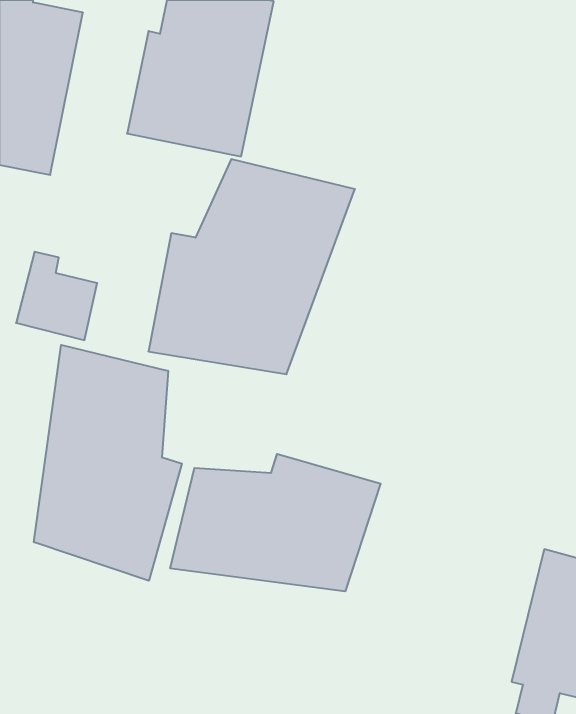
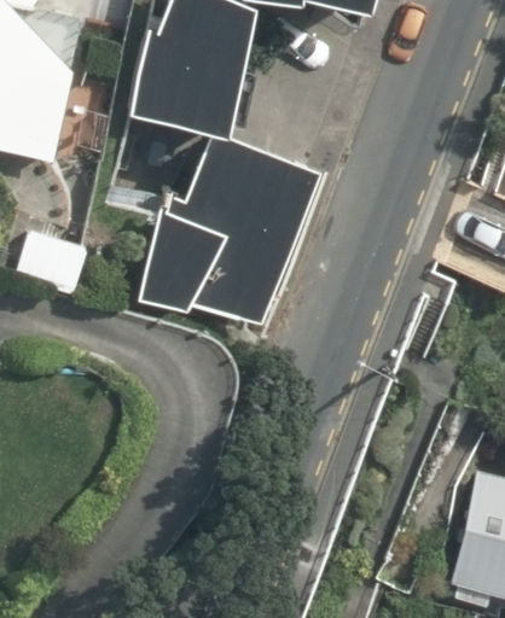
building: [34,345,182,581] -> none
building: [170,454,381,591] -> none

